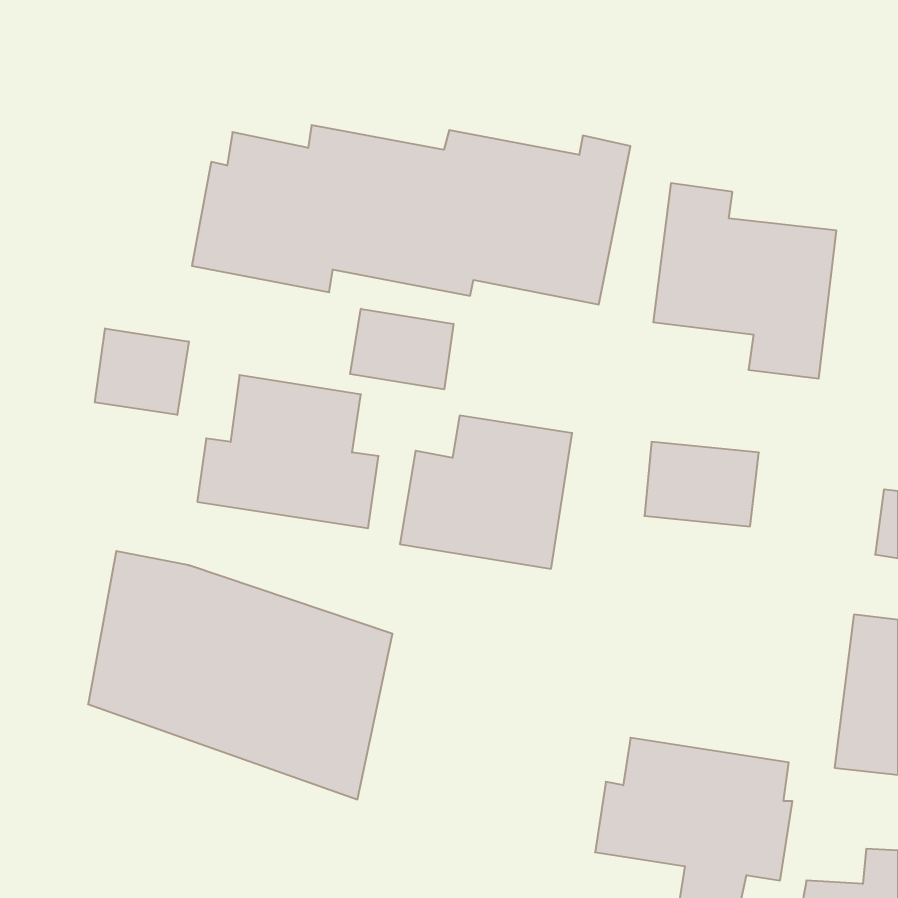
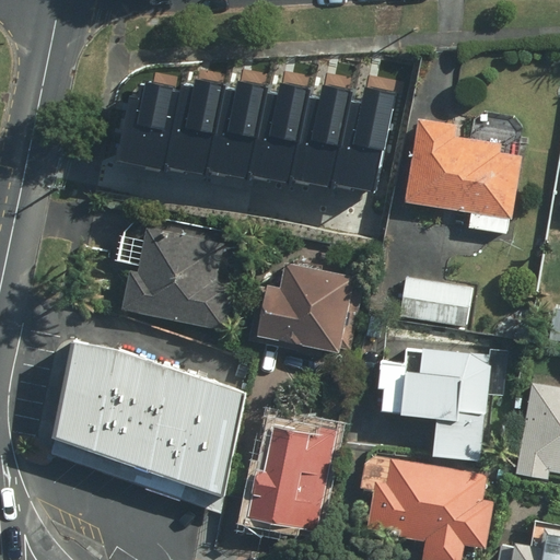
building: [350,309,453,389] -> none
building: [95,328,189,415] -> none
building: none -> [376,349,511,458]
building: none -> [242,416,338,529]

